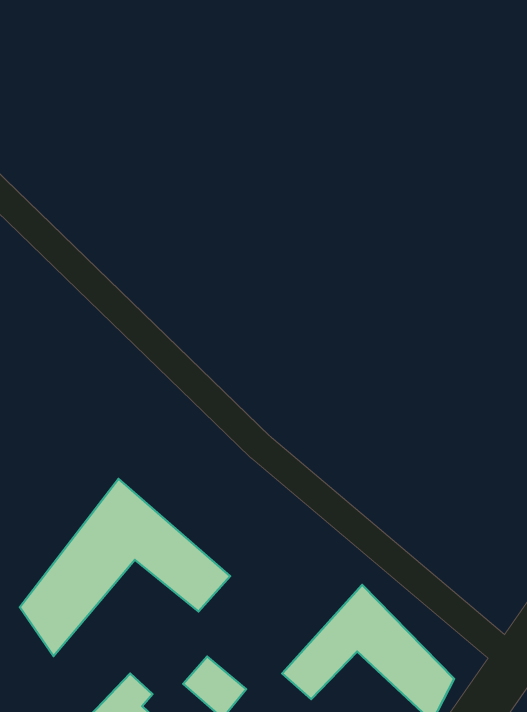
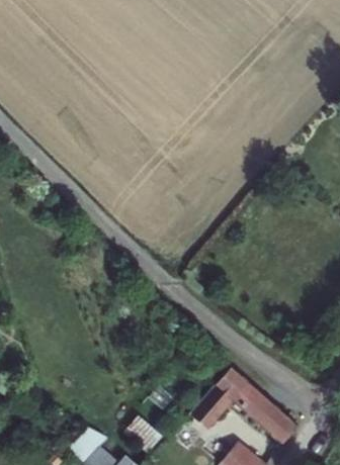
building: [20,479,230,656] -> none

